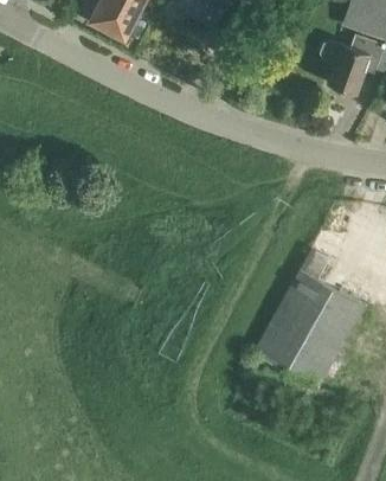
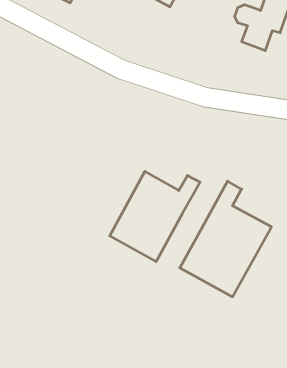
building: none -> [110,171,200,262]

